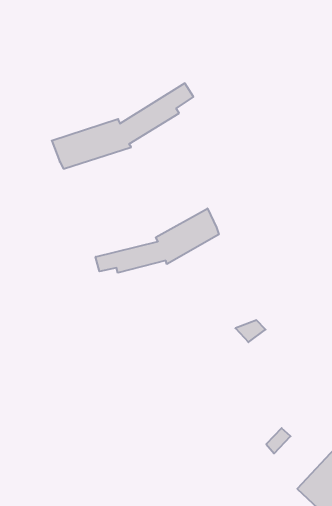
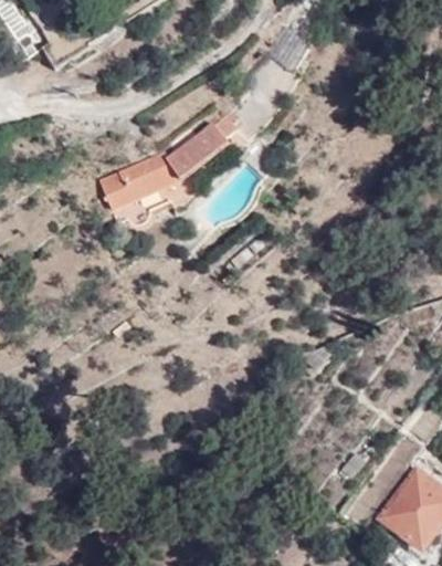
building: [96,208,219,273] -> none

